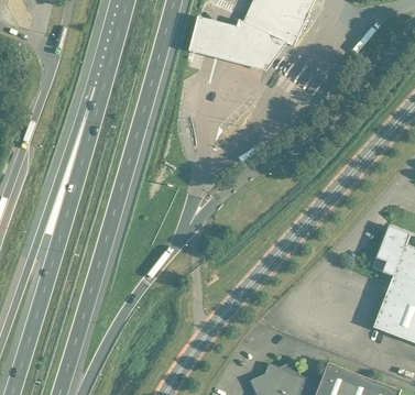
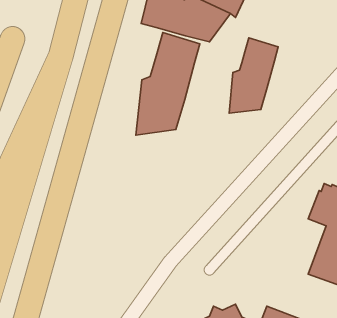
building: none -> [136,33,200,135]
building: none -> [229,38,278,113]

